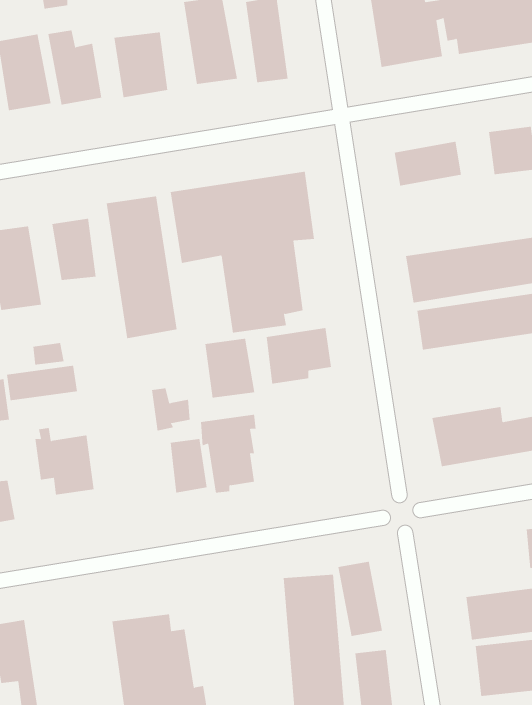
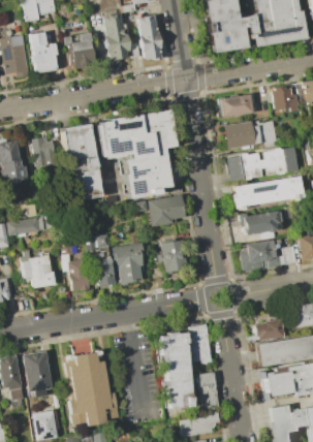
building: none -> [222,117,277,149]
building: [204,338,255,398] -> [159,240,187,273]
building: none -> [240,210,282,235]
building: none -> [69,258,91,291]
building: none -> [253,318,284,341]
building: none -> [22,350,52,397]

